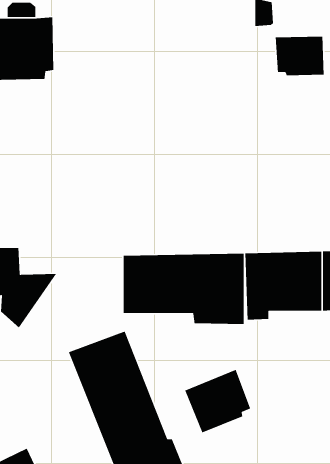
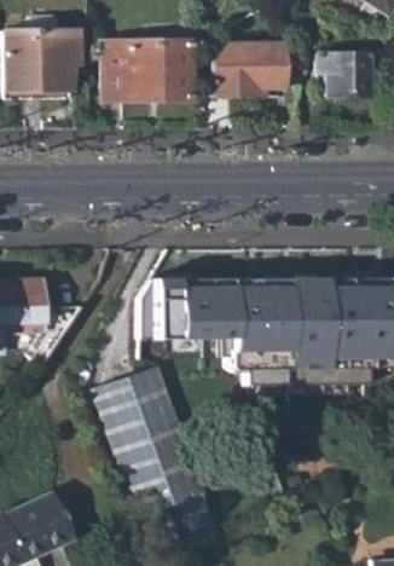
building: none -> [104,40,189,97]
building: none -> [213,40,285,96]
building: [184,369,251,433] -> none

